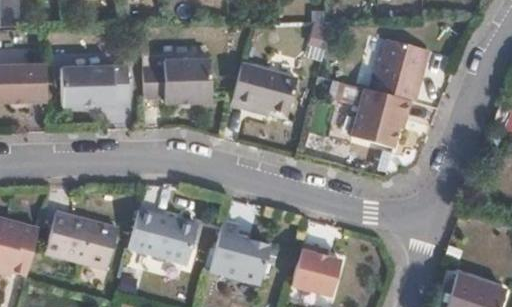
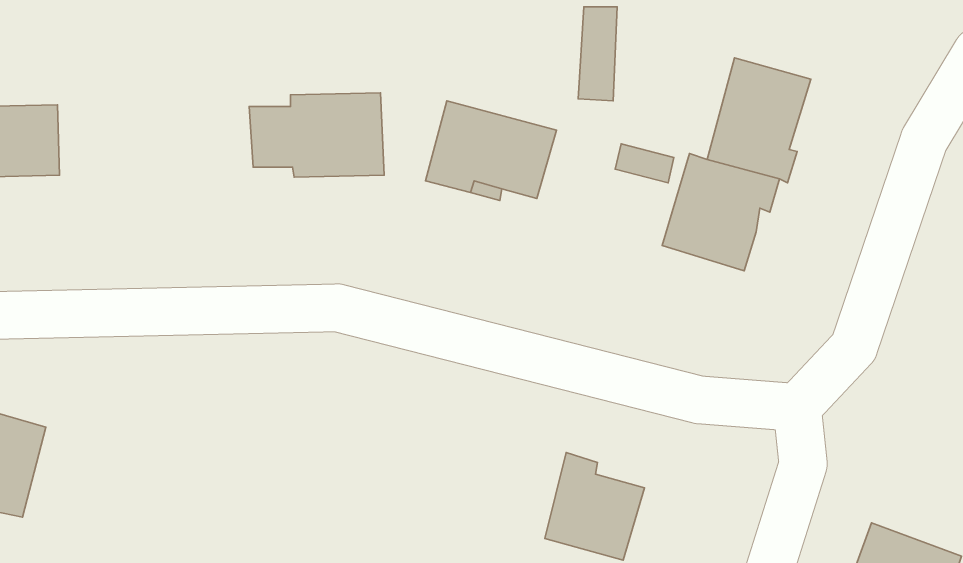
building: [58,64,127,105] -> none
building: [128,208,197,263] -> none
building: [44,214,116,268] -> none
building: [213,221,272,273] -> none

